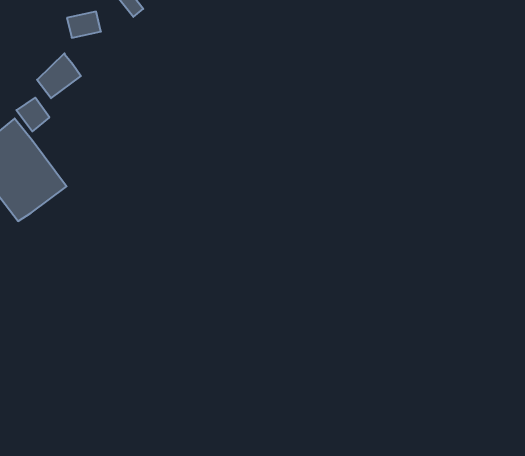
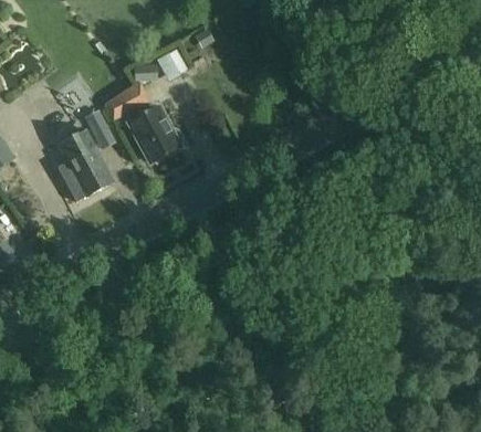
building: none -> [128,105,180,159]

